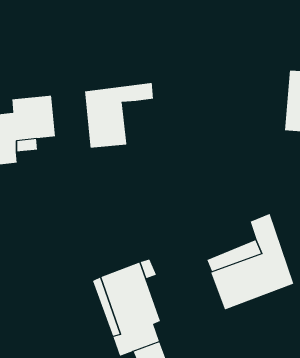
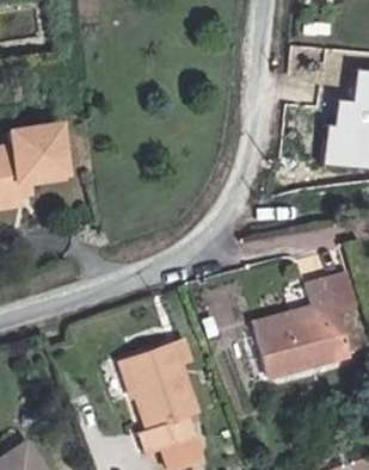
building: [84,82,153,149] -> none

